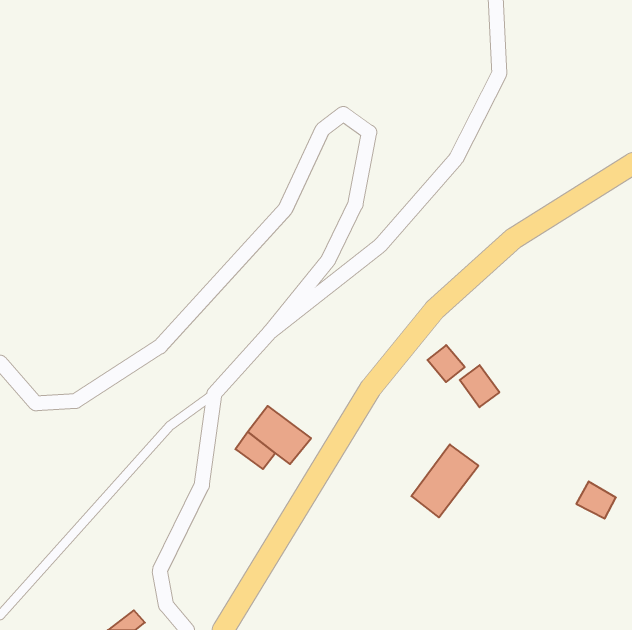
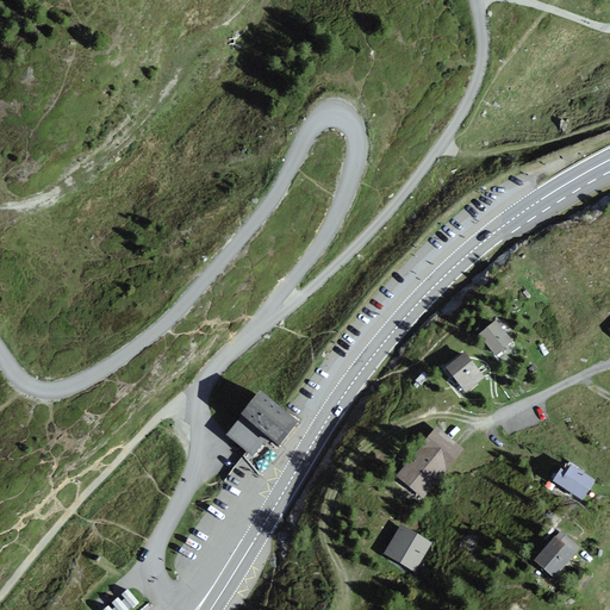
building: [427,345,465,382] -> [475,319,511,355]
building: none -> [385,523,434,572]
building: none -> [533,533,575,577]

